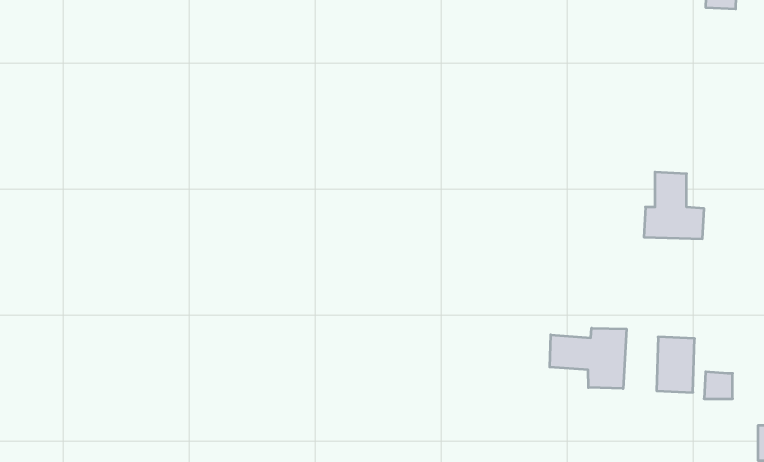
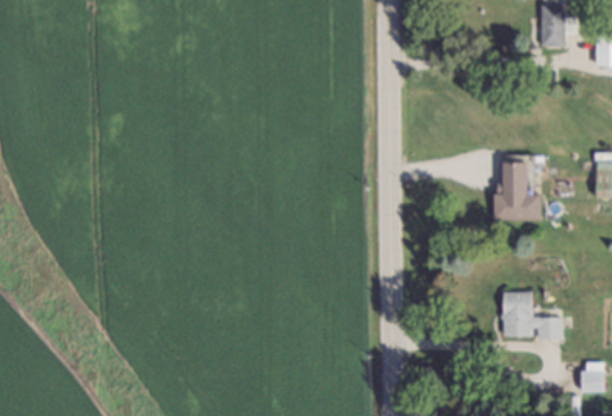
building: [550,328,626,389] -> none

